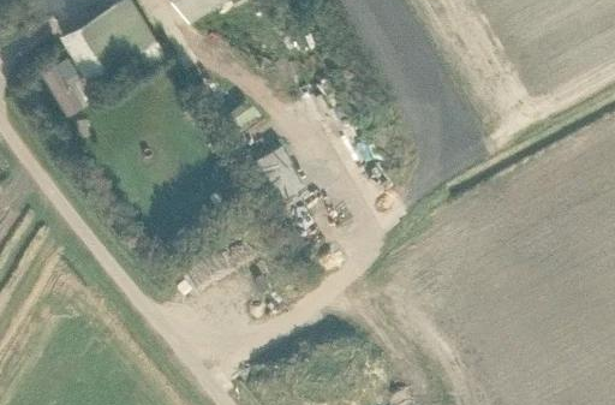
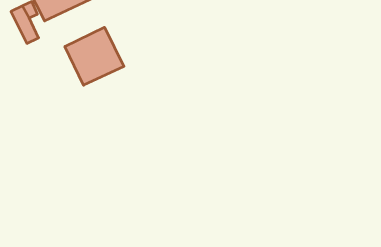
building: none -> [65,27,124,85]

